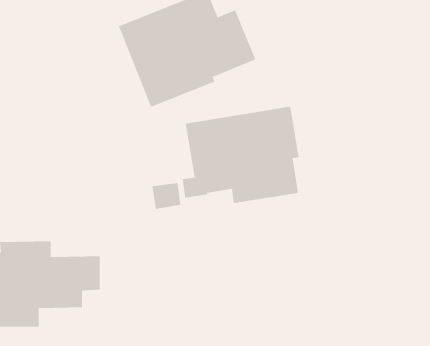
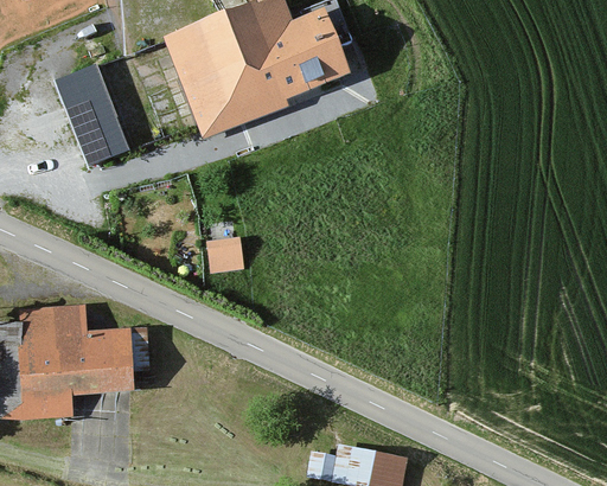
building: none -> [57,63,130,164]
building: [182,106,299,204] -> none

